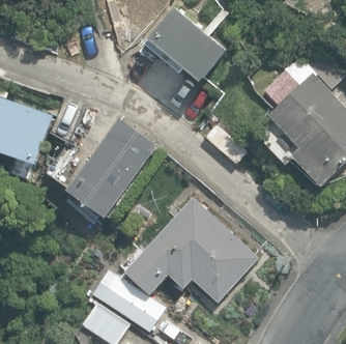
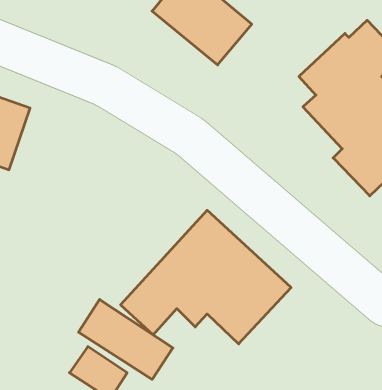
building: [64,117,155,220] -> none

